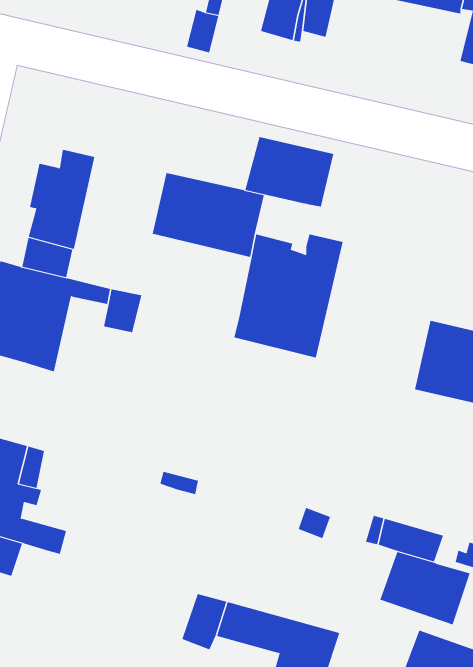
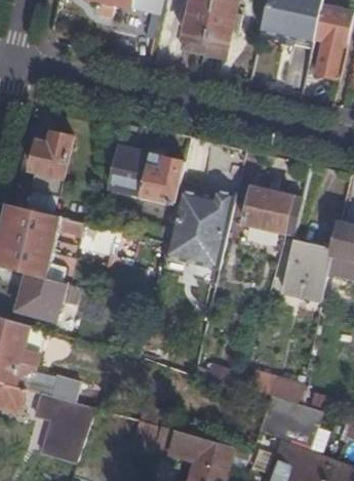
building: [245,137,334,207] -> [242,188,301,234]
building: none -> [16,271,65,318]
building: none -> [35,394,94,464]

